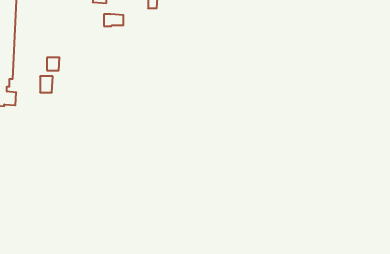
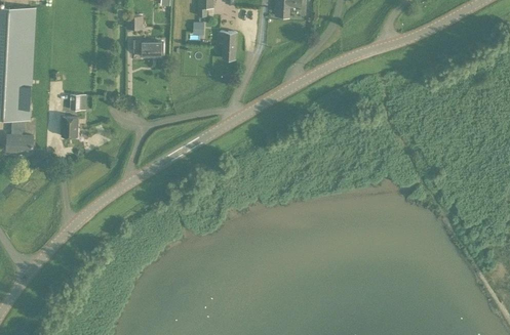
building: none -> [220,31,236,59]

